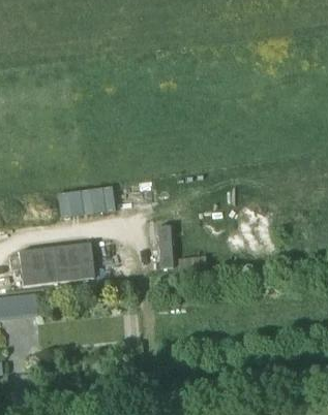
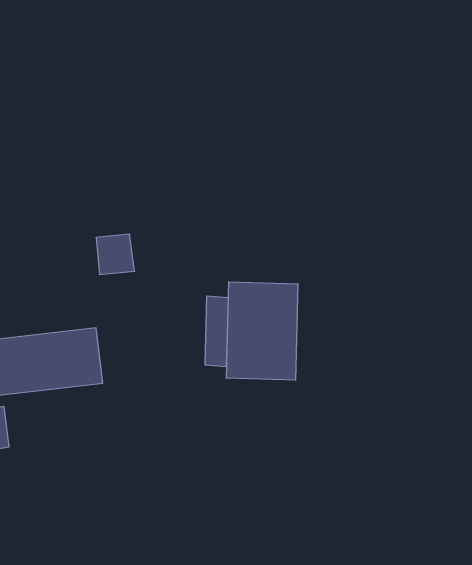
building: [58,190,90,214] -> none
building: none -> [226,282,298,380]

